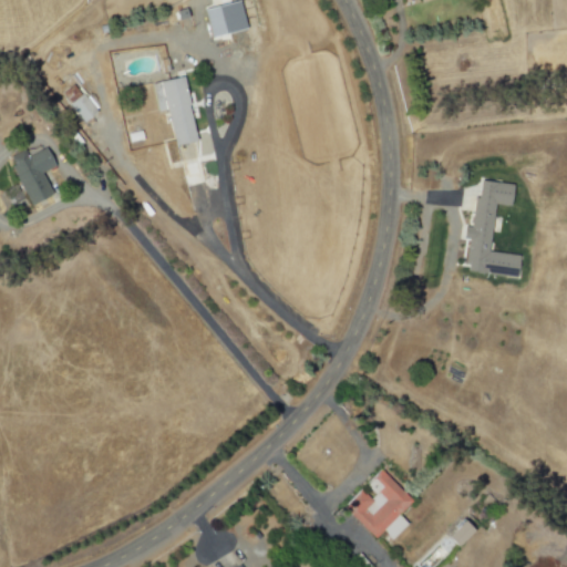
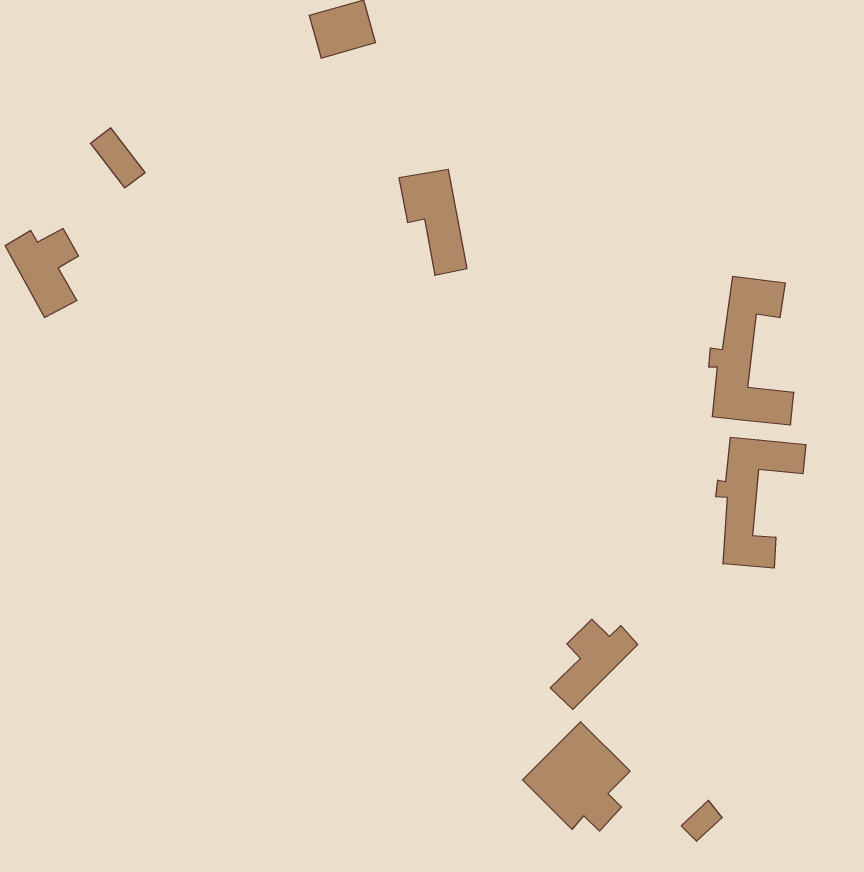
building: [154,78,198,146] -> [399,169,467,275]
building: none -> [716,437,806,568]
building: none -> [550,619,638,709]

